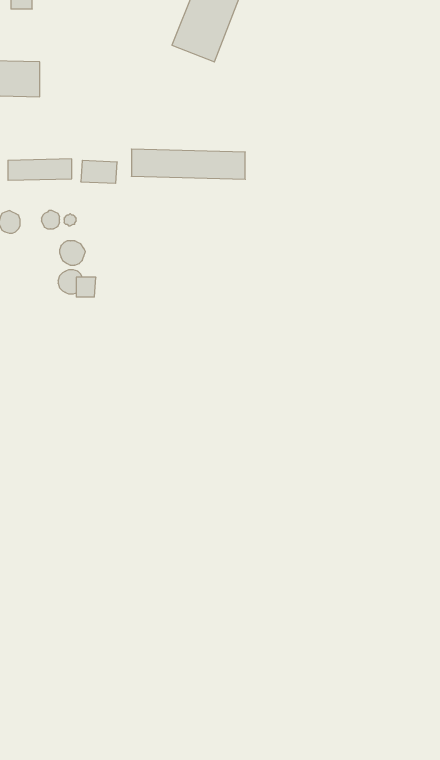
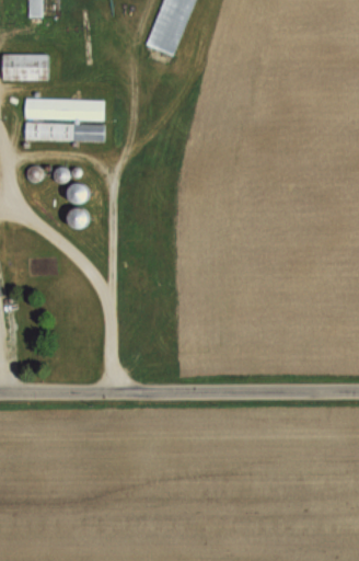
building: [131,149,245,179] -> [25,99,107,121]

